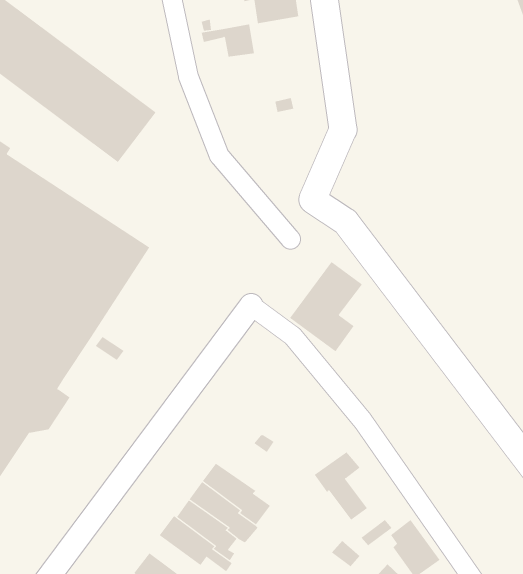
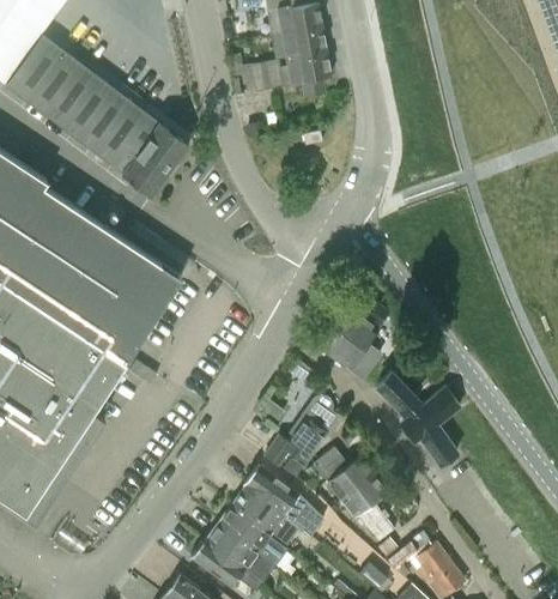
building: none -> [286,53,332,96]
building: none -> [376,371,460,465]
building: none -> [265,397,339,466]
building: none -> [314,448,374,500]
building: none -> [243,467,323,538]

